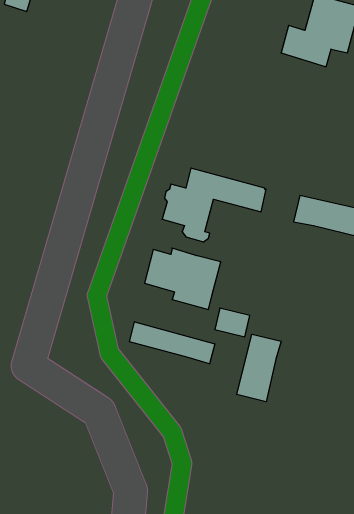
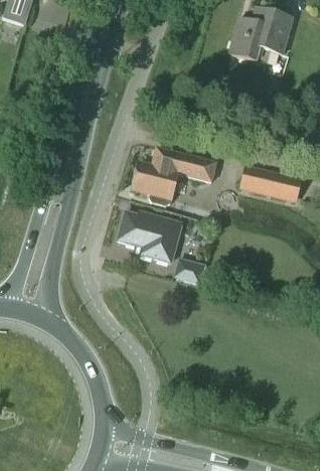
building: [129,322,215,364] -> none
building: [237,334,281,402] -> none

